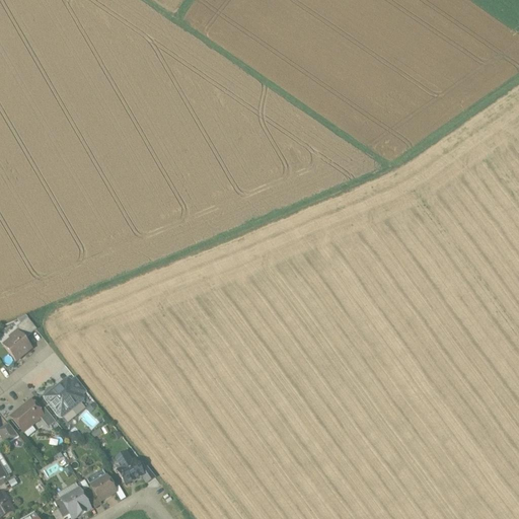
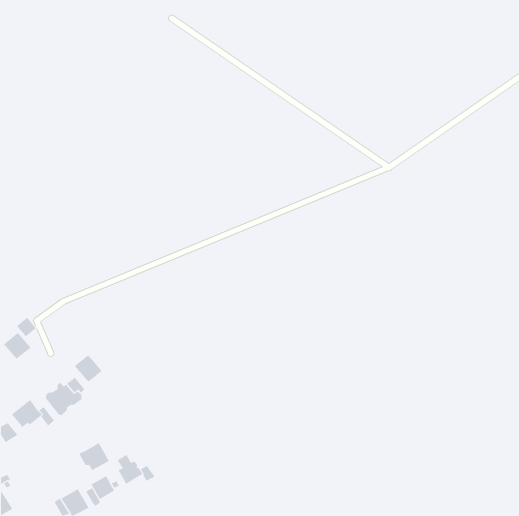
building: none -> [74,354,103,383]
building: none -> [79,442,110,472]

